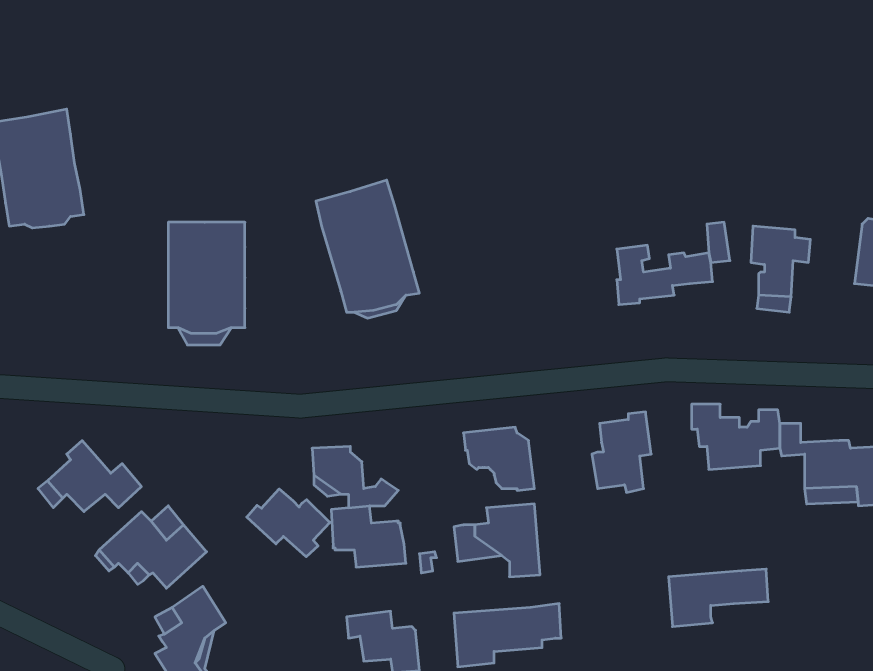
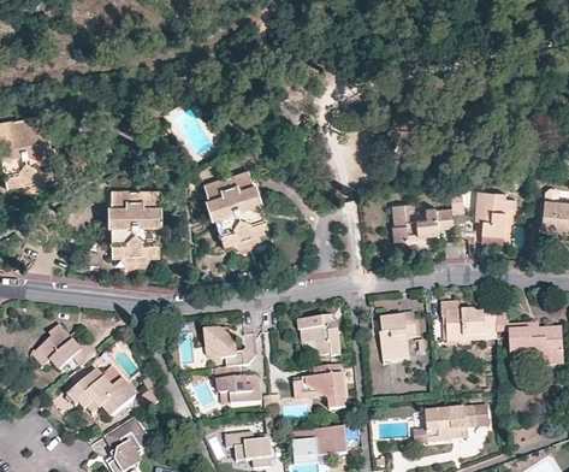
building: [247,489,330,557] -> none

